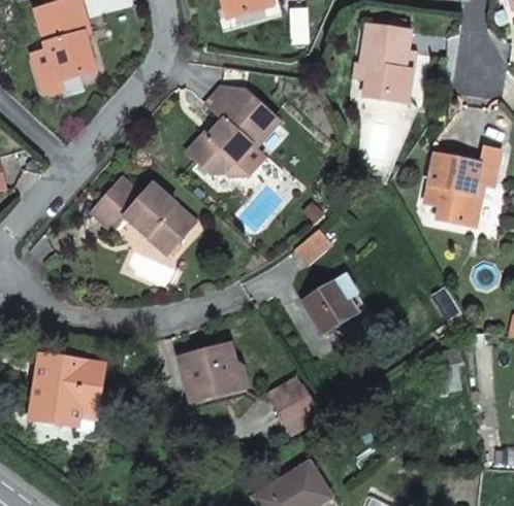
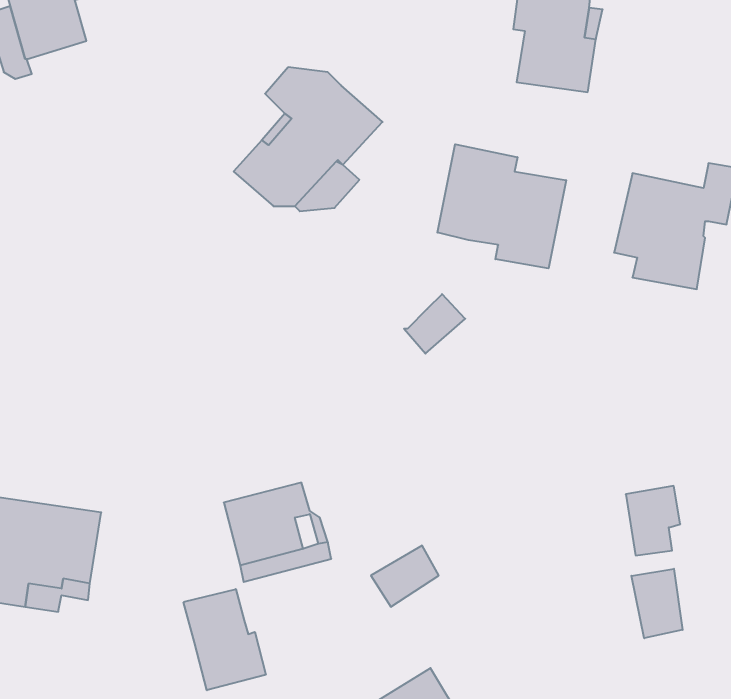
building: none -> [437,144,566,268]
building: [91,175,195,252] -> none
building: [301,272,357,333] -> none
building: none -> [631,569,683,638]
building: none -> [184,589,266,690]

